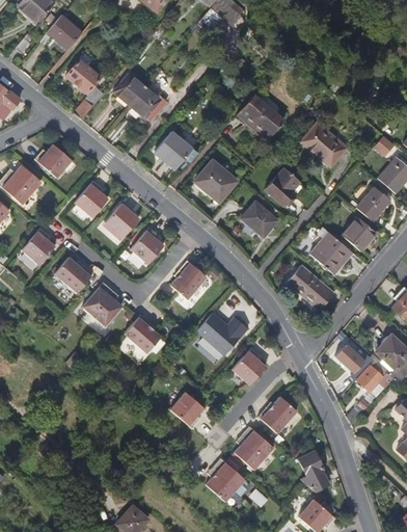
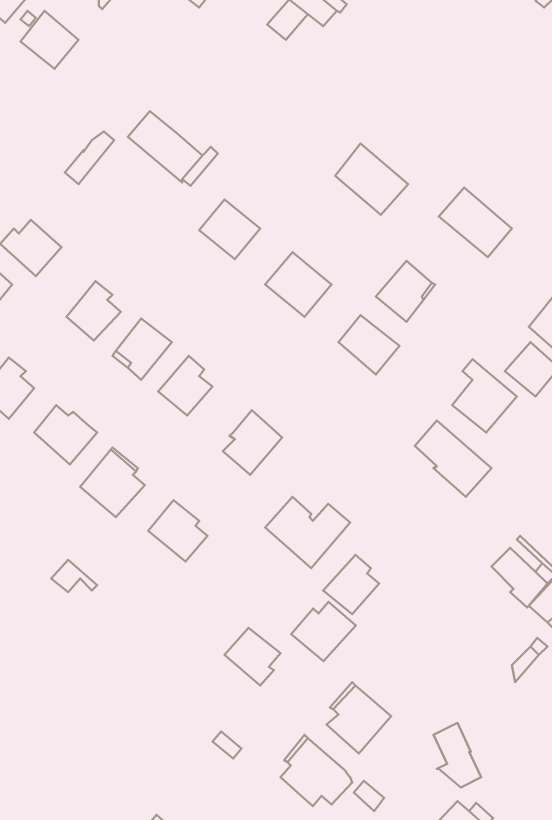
building: [65,60,100,94] -> none
building: [257,397,297,433] -> [291,602,356,661]

